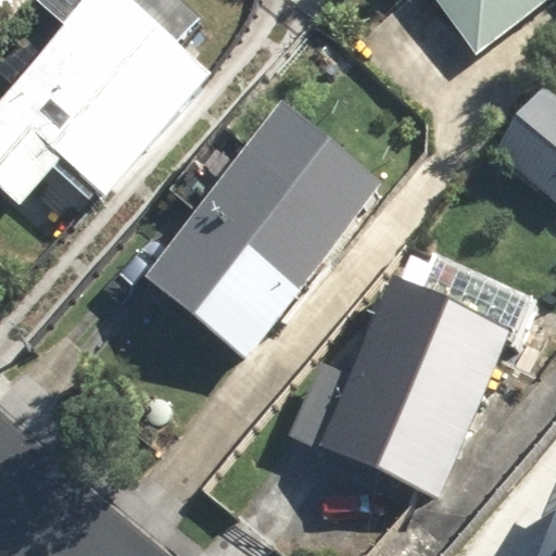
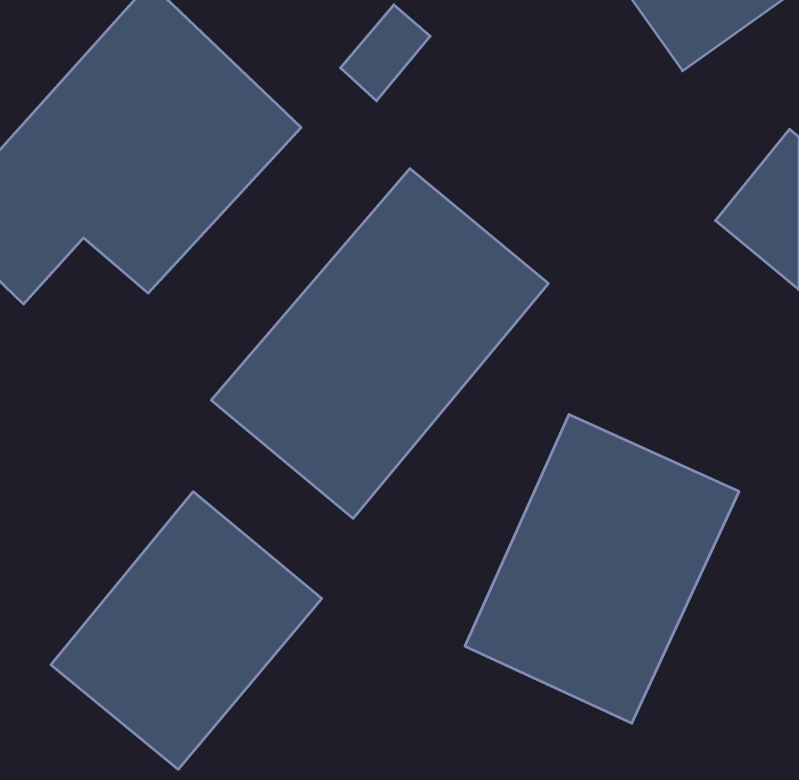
building: none -> [51,492,322,769]

